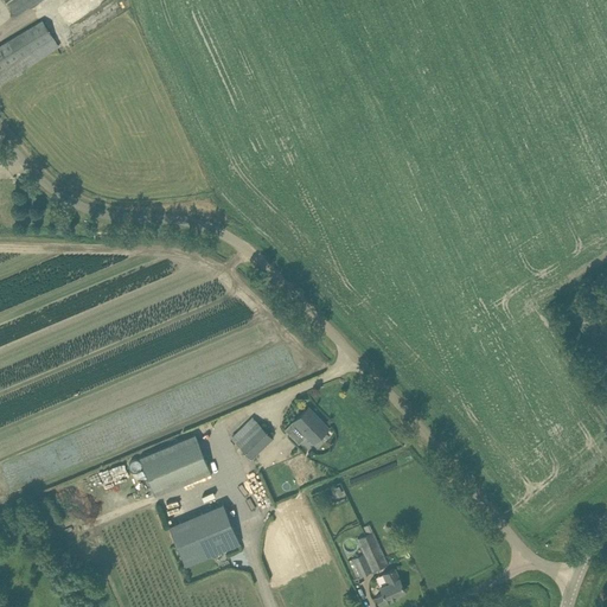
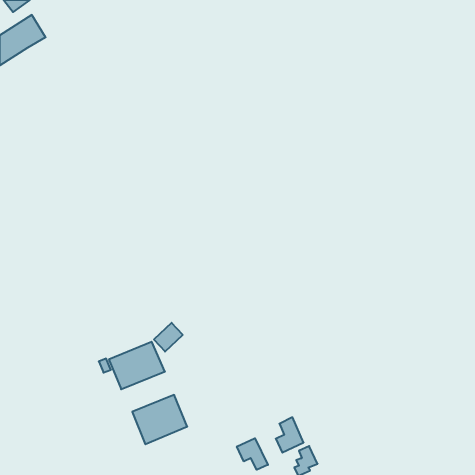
building: [292,408,327,442] -> none
building: [236,423,273,460] -> [154,323,183,352]
building: none -> [237,438,268,470]

